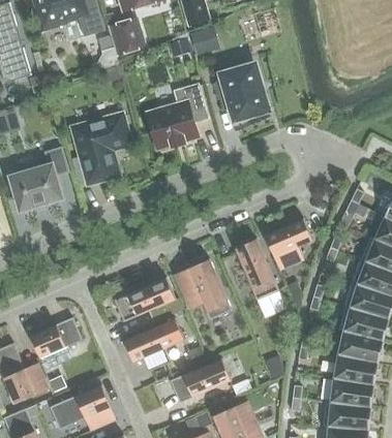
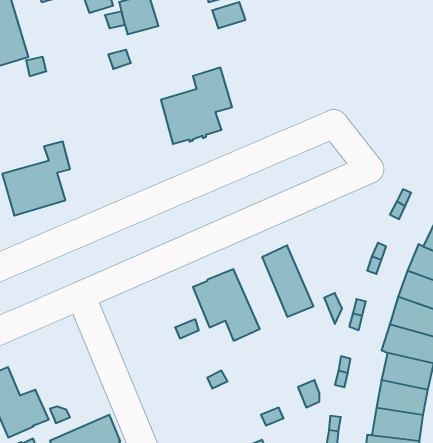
building: [214,63,268,122] -> none
building: [72,115,129,183] -> none
building: [263,218,312,269] -> none
building: [114,277,176,321] -> none
building: [29,317,82,358] -> none
building: [123,317,184,363] -> none
building: [170,357,231,403] -> none

